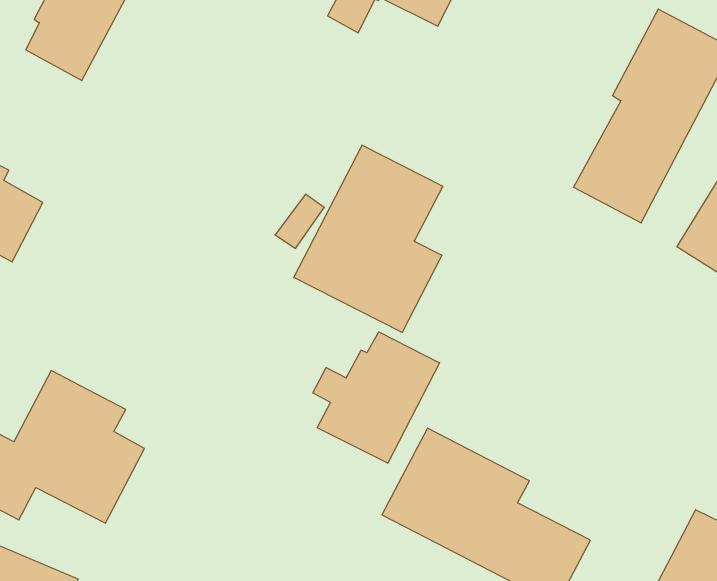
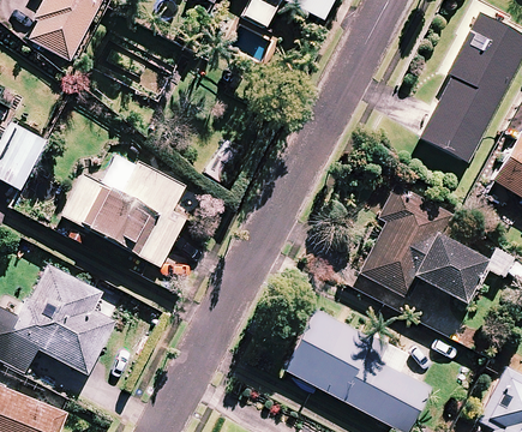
building: [294,145,443,332] -> none
building: none -> [60,162,186,268]
building: none -> [360,182,485,306]
building: [313,332,440,463] -> none

